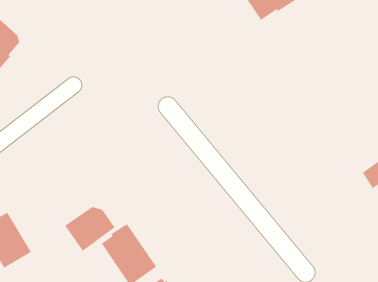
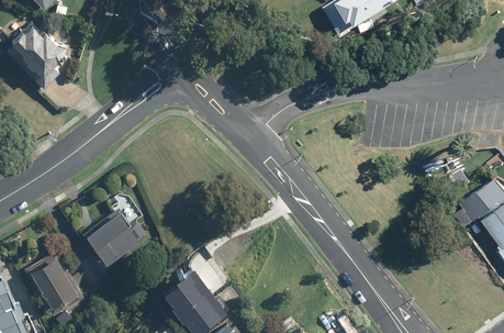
building: [64,206,116,252] -> [81,212,139,264]

